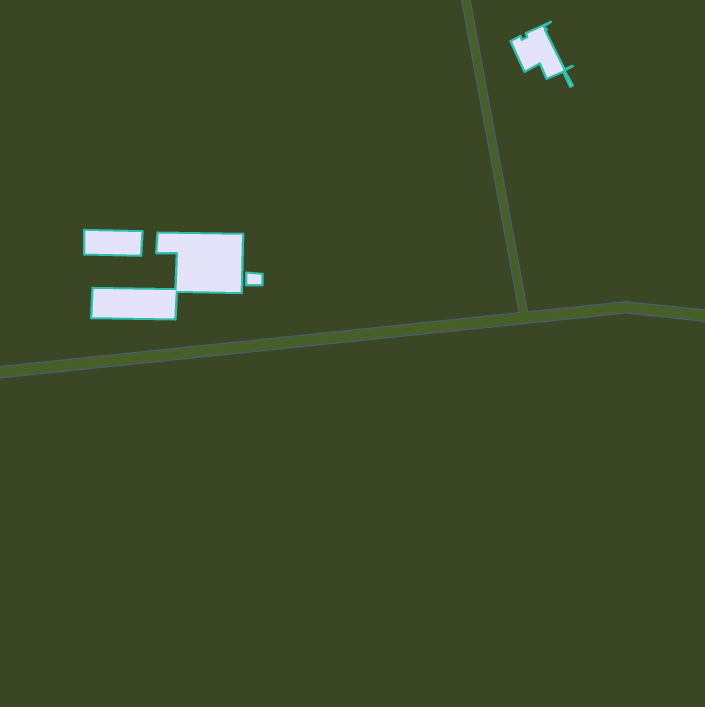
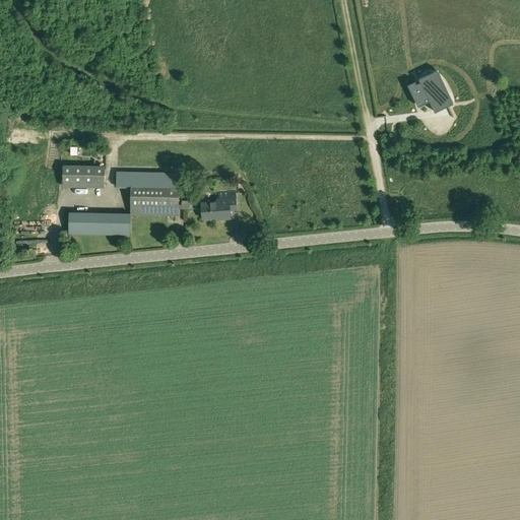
building: [511,22,573,87] -> [407,70,453,118]
building: none -> [201,192,236,219]

